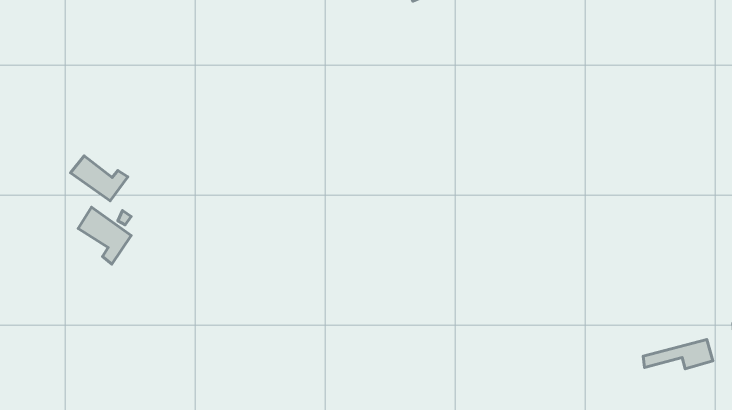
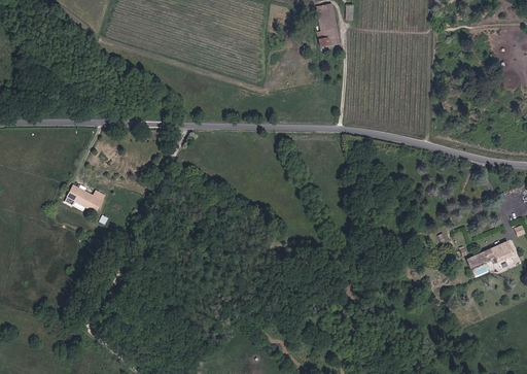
building: [78,207,131,264] -> none

